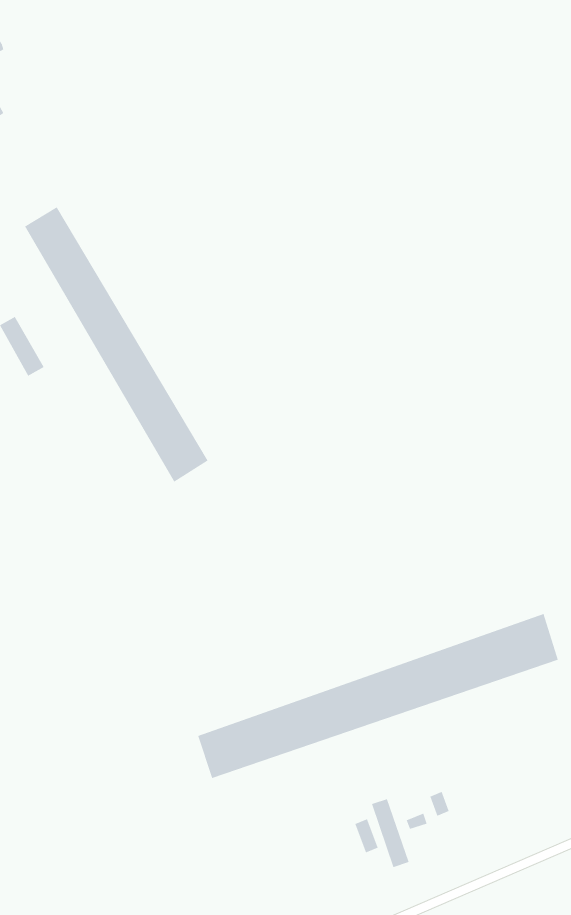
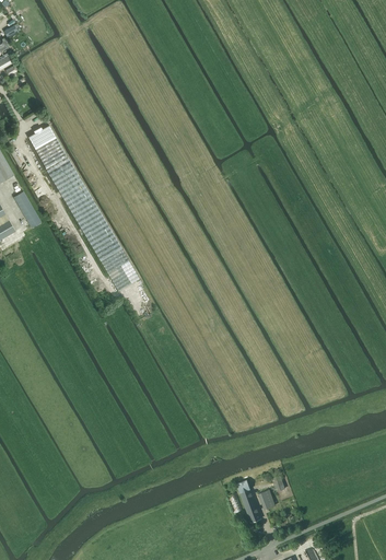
building: [197,613,559,779] -> none

